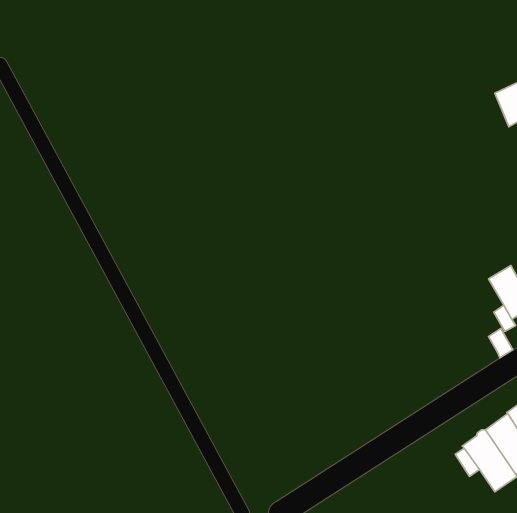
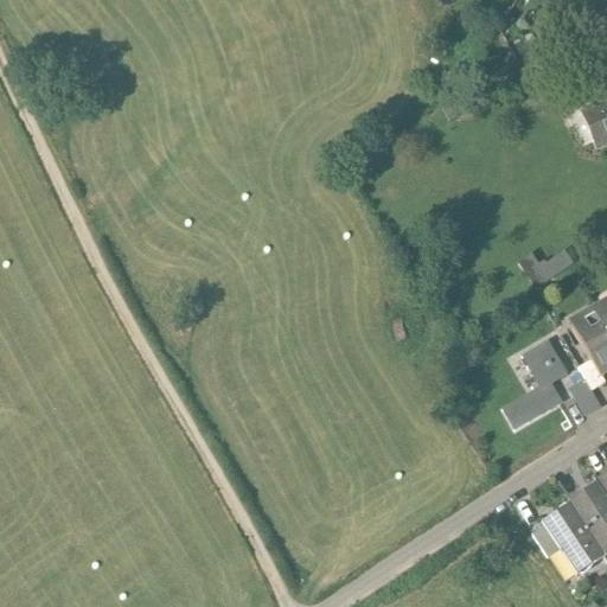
building: none -> [519,249,573,286]
building: none -> [505,338,566,426]

